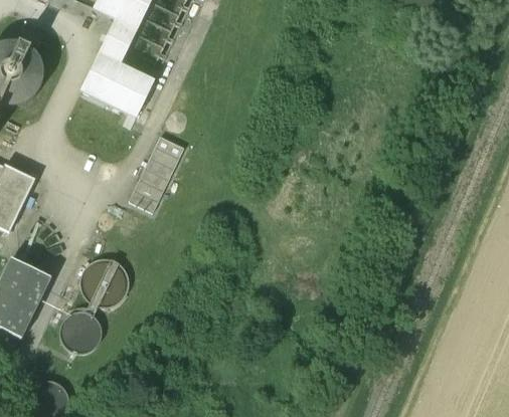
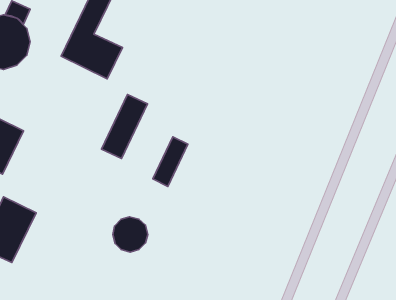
building: none -> [153,137,188,186]
building: [82,261,125,303] -> [113,217,148,252]
building: [58,310,101,353] -> none

